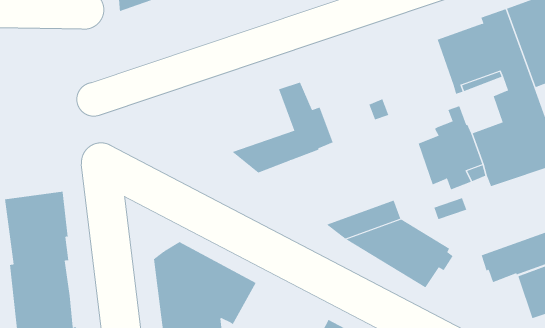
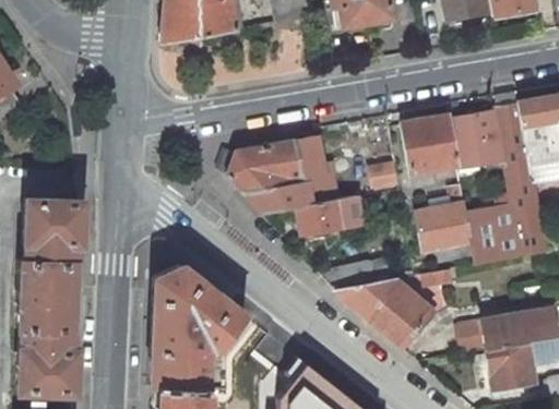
building: none -> [403,113,460,183]
building: none -> [230,140,306,190]
building: none -> [298,194,365,234]

